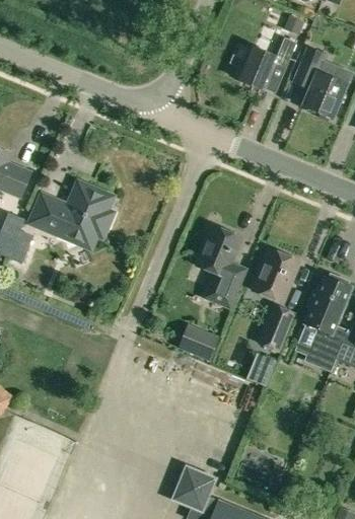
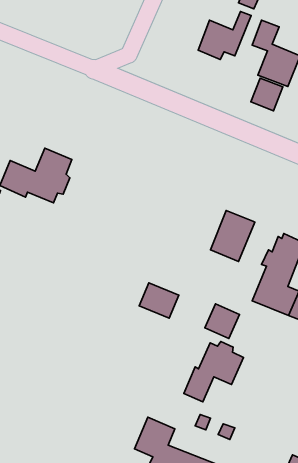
building: none -> [251,78,283,111]
building: [196,225,245,308] -> none
building: [259,305,292,350] -> none
building: none -> [184,341,243,402]

